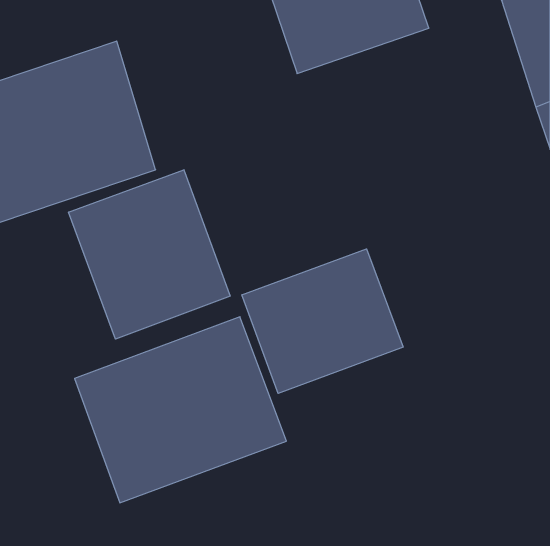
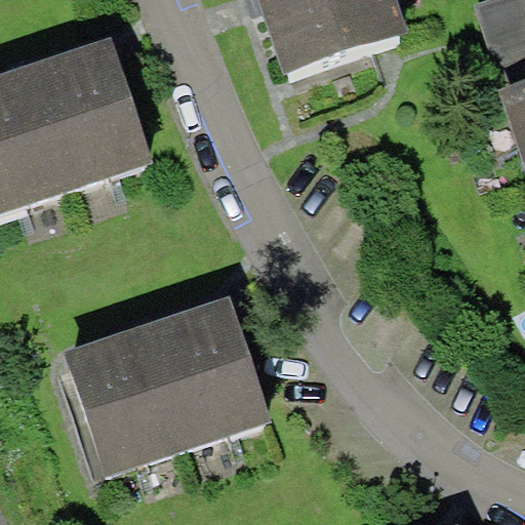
building: [69,170,230,339] -> none
building: [242,249,403,393] -> none

